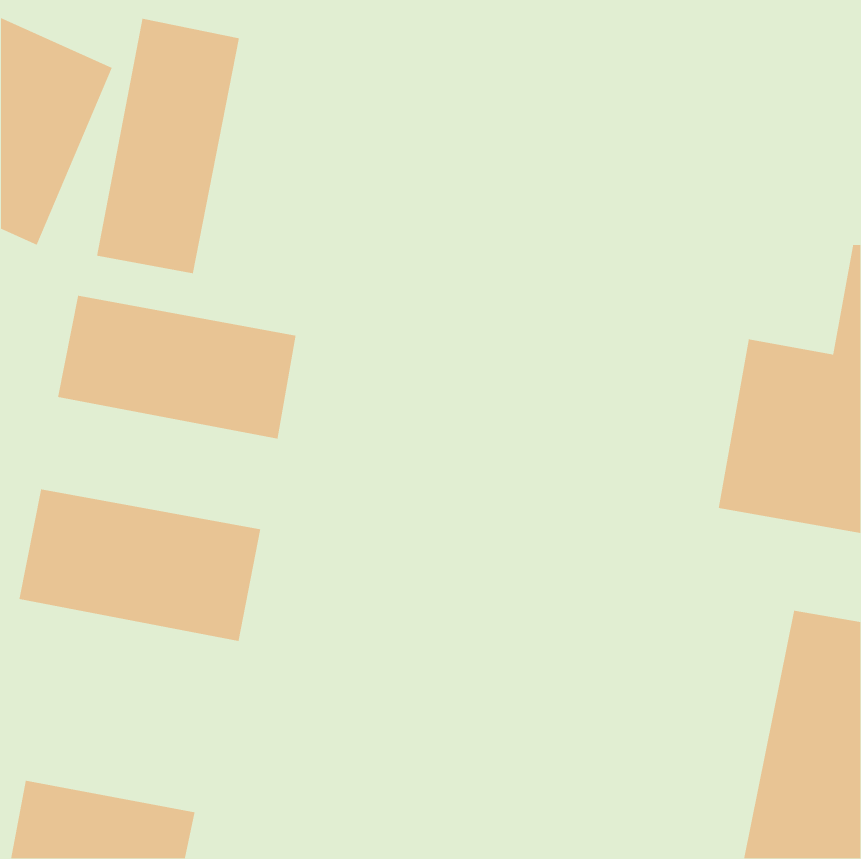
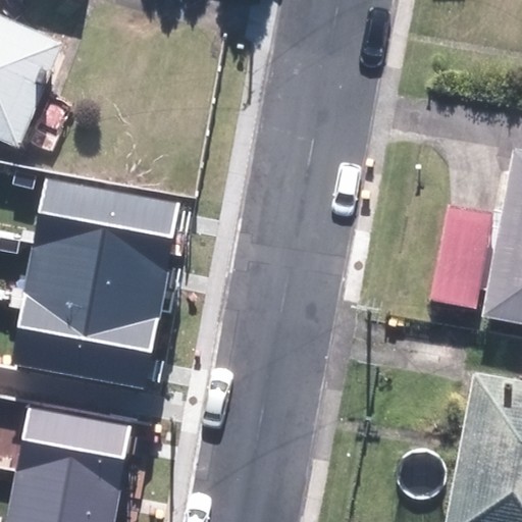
building: [96,18,240,274] -> none
building: none -> [24,241,168,320]
building: none -> [15,407,130,491]

